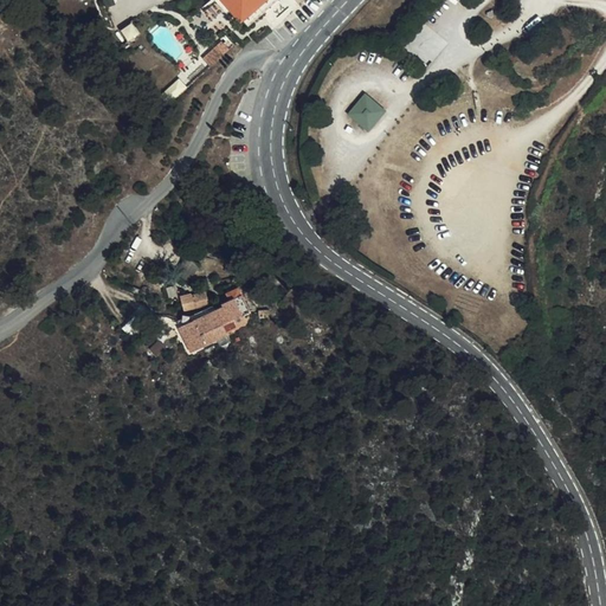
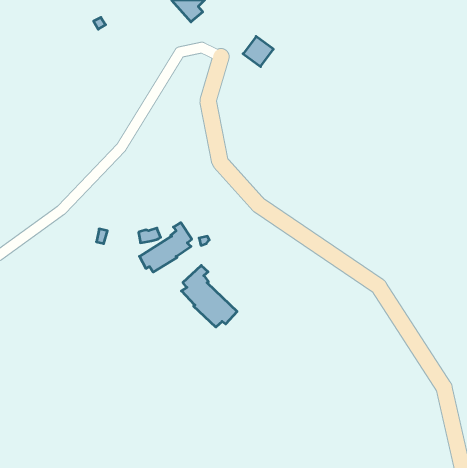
building: [344,90,383,129] -> [243,36,273,67]
building: none -> [181,265,237,327]

